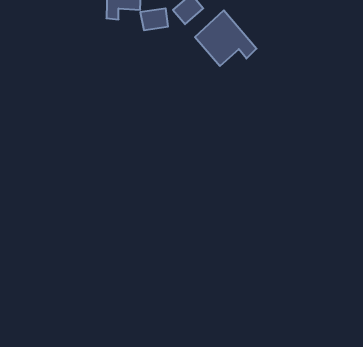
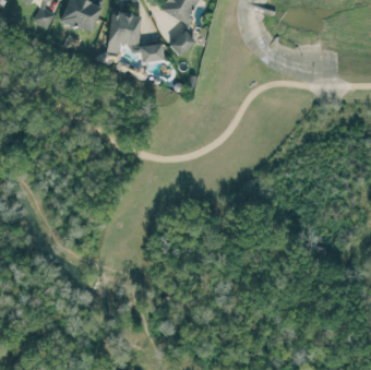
building: [195,10,257,66] -> none

